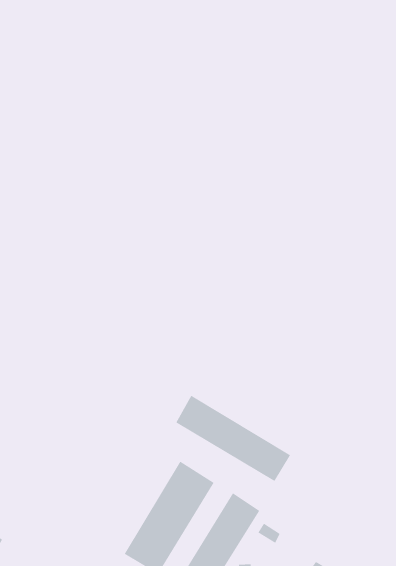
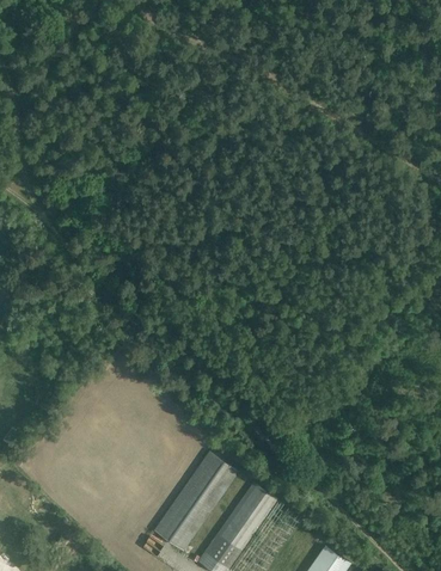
building: [175,395,291,482] -> none

